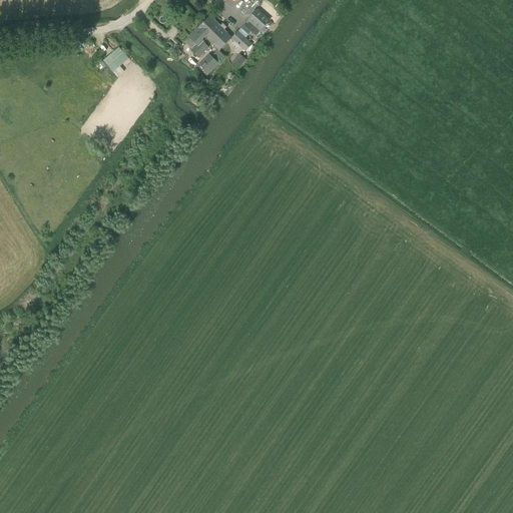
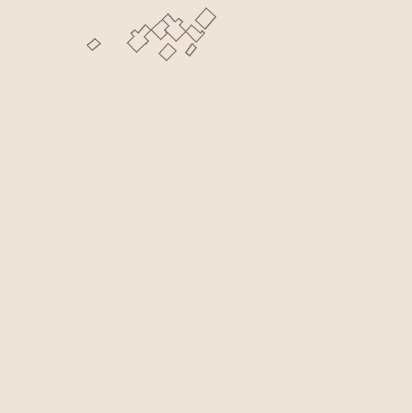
building: none -> [127,25,151,52]

